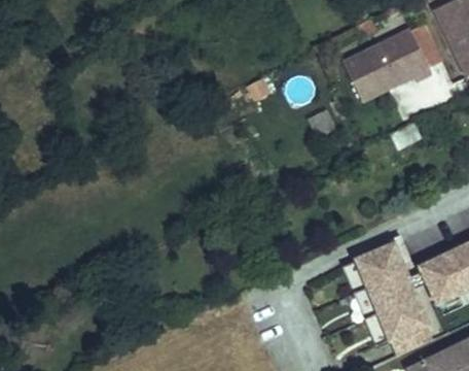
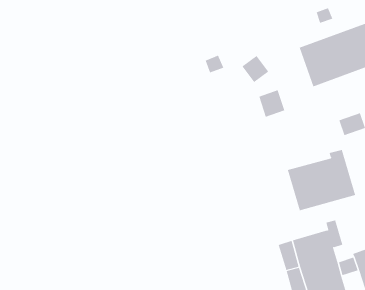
building: none -> [287,149,356,211]

